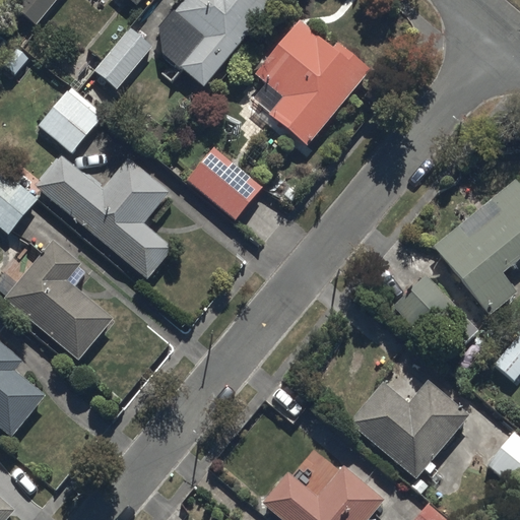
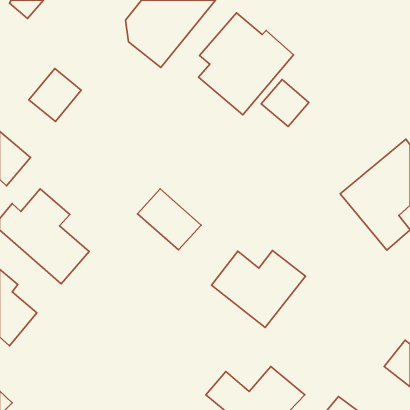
building: [91,26,152,89] -> none
building: none -> [261,79,309,127]
building: [181,143,261,220] -> [138,189,201,250]
building: [35,153,173,279] -> none
building: [349,380,468,477] -> [211,250,305,328]

